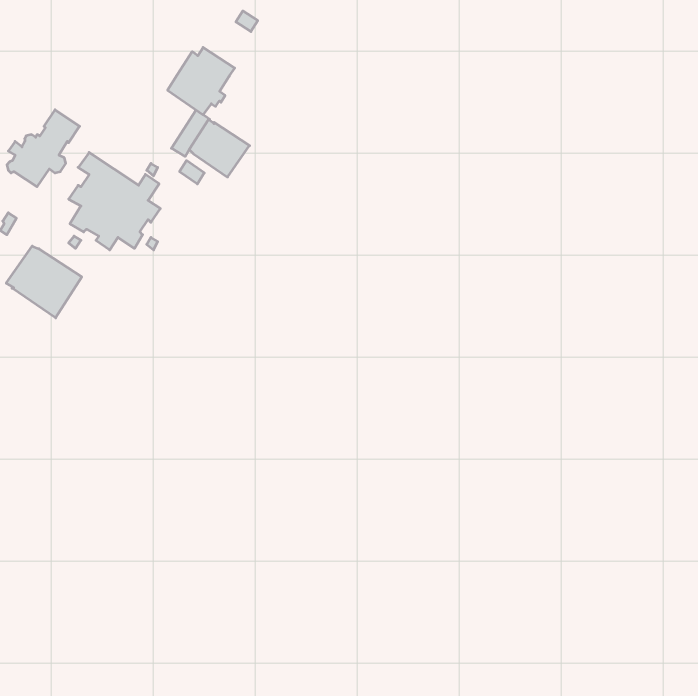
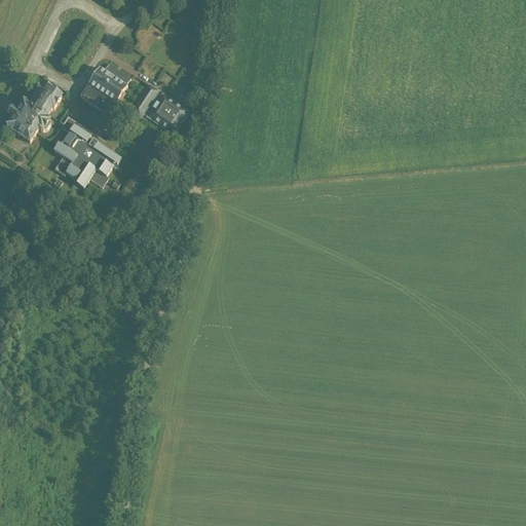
building: [168,47,235,115] -> [79,63,129,113]
building: [6,246,82,318] -> none

